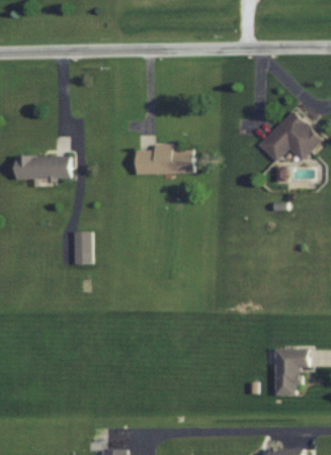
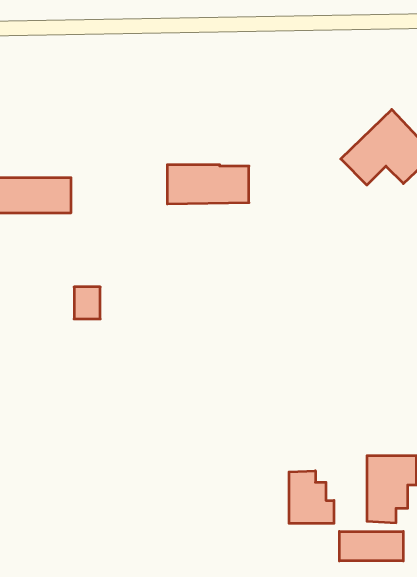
building: none -> [289,471,334,523]
building: none -> [339,531,403,561]

